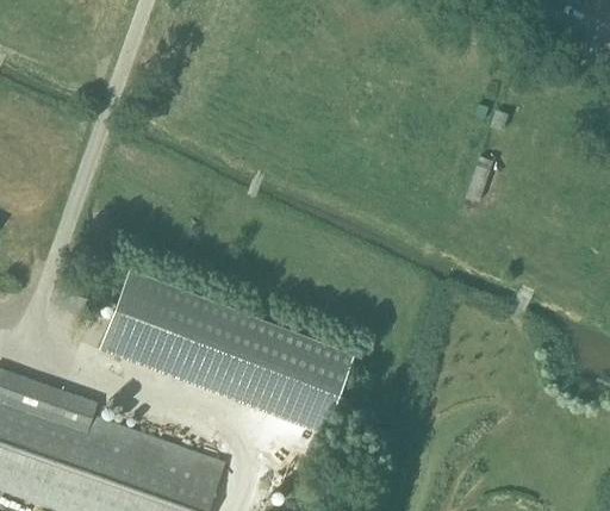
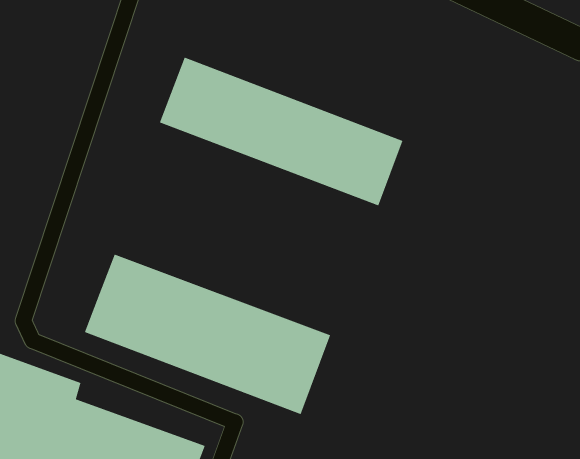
building: none -> [159,56,404,206]

